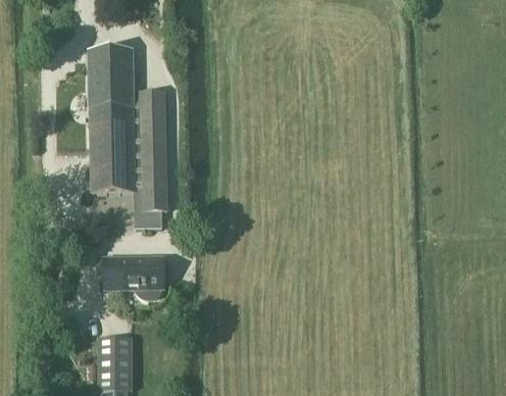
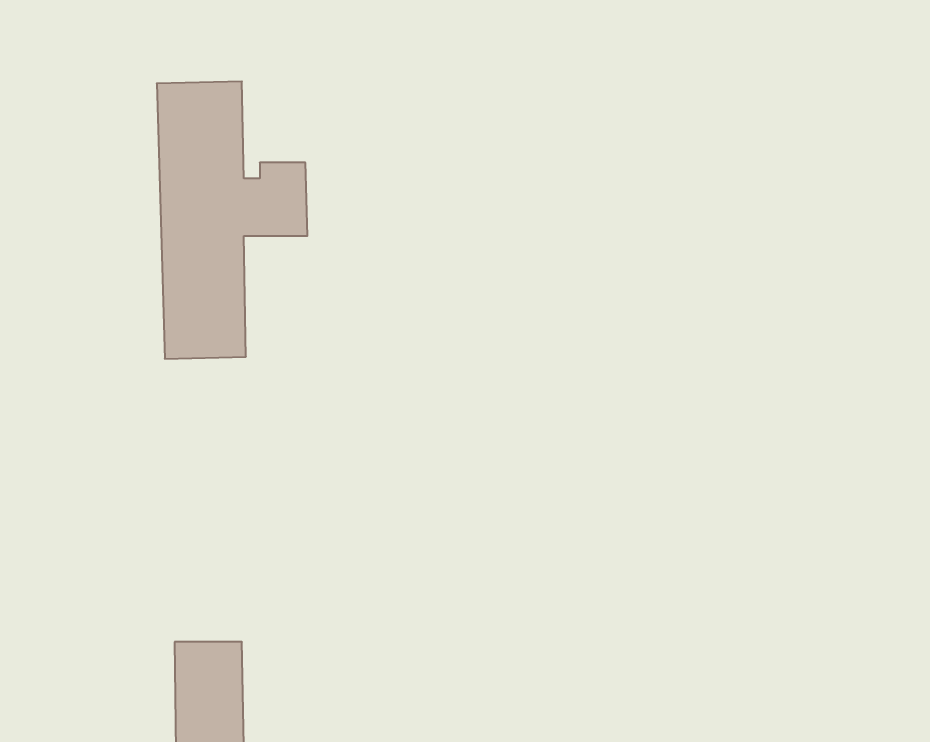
building: [133,128,167,226] -> none
building: [103,258,162,294] -> none

